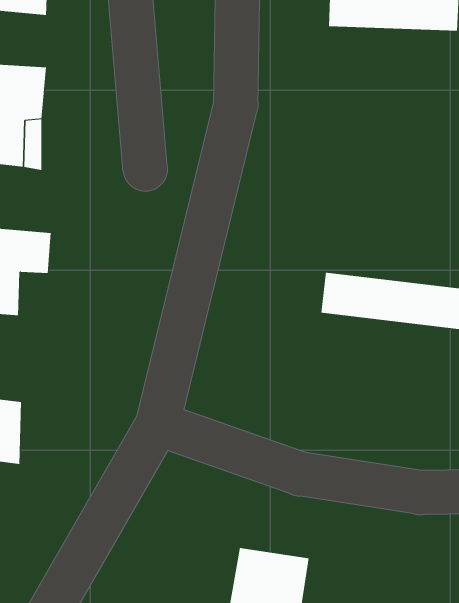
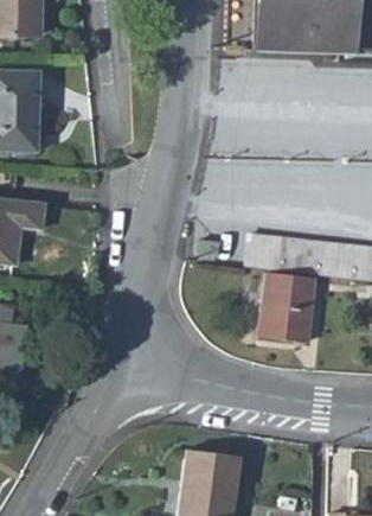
building: none -> [262,273,314,342]

